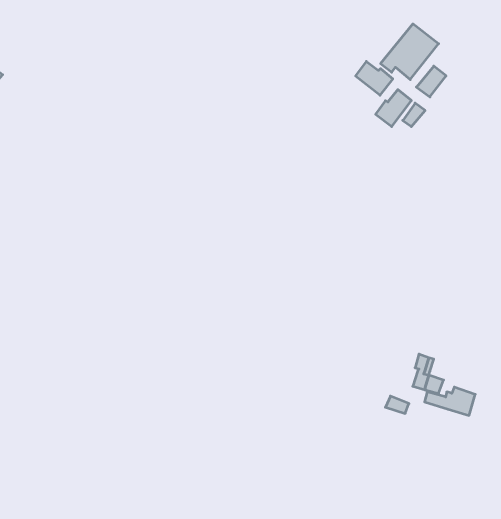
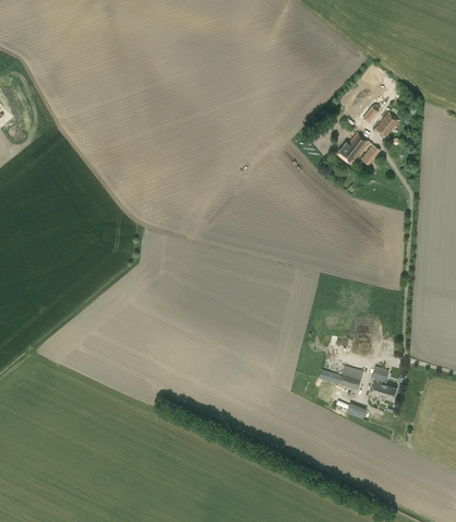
building: [356,61,393,95] -> none
building: [425,387,475,415] -> [319,365,363,390]

